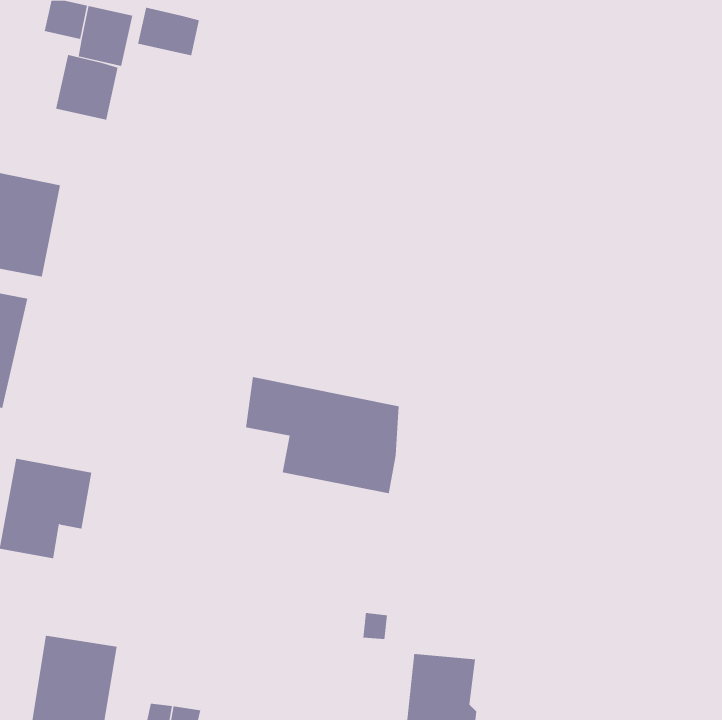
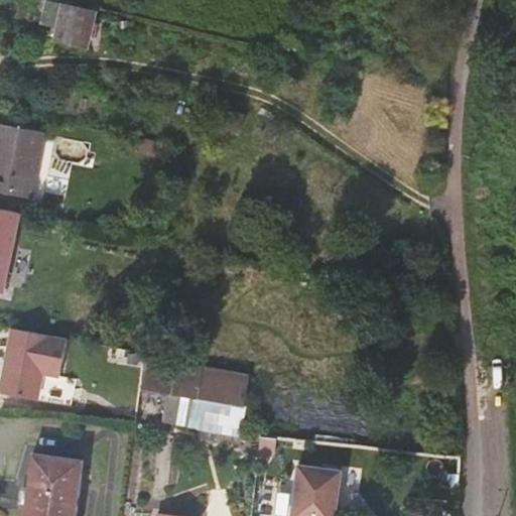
building: [137,7,199,56] -> none
building: [55,54,118,121] -> none
building: [245,376,399,494] -> [138,354,248,437]

